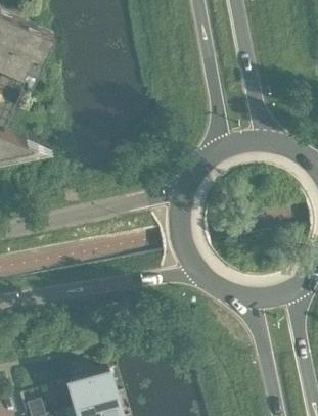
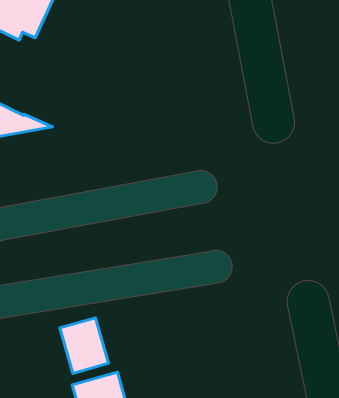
building: none -> [60,318,108,373]

